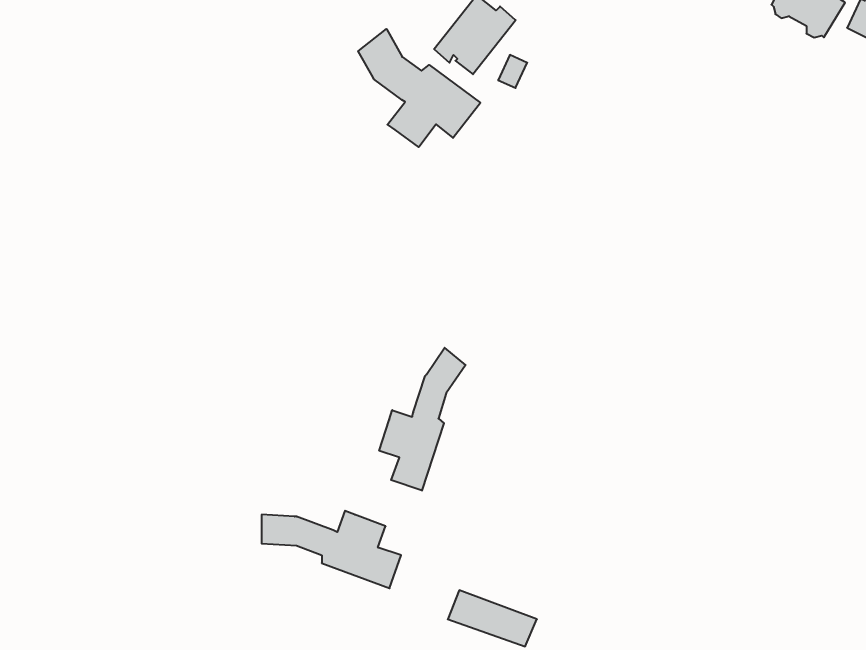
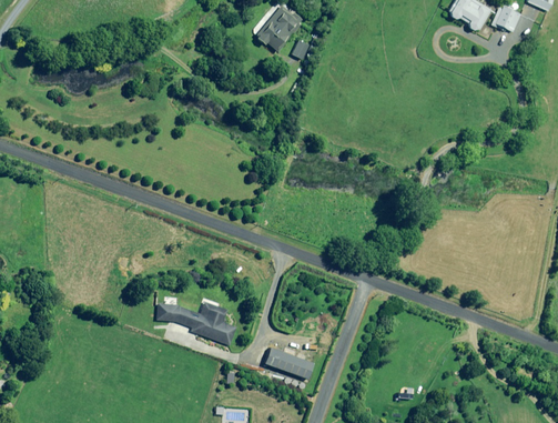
building: [358,29,480,147] -> none
building: [379,348,466,491] -> none

